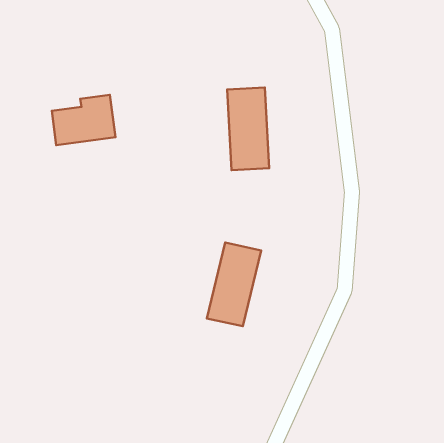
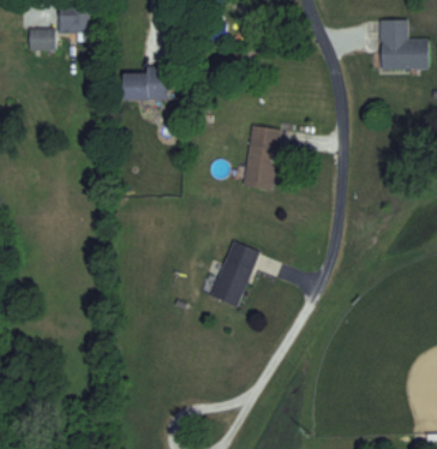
building: [52,95,116,145] -> [122,67,168,100]

